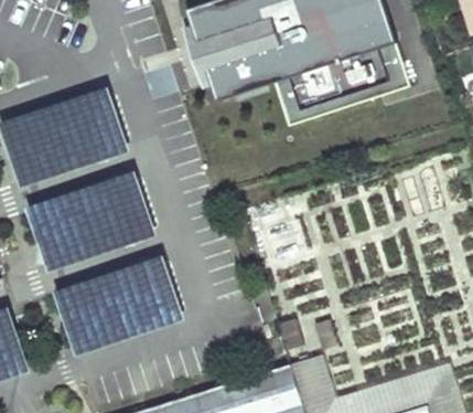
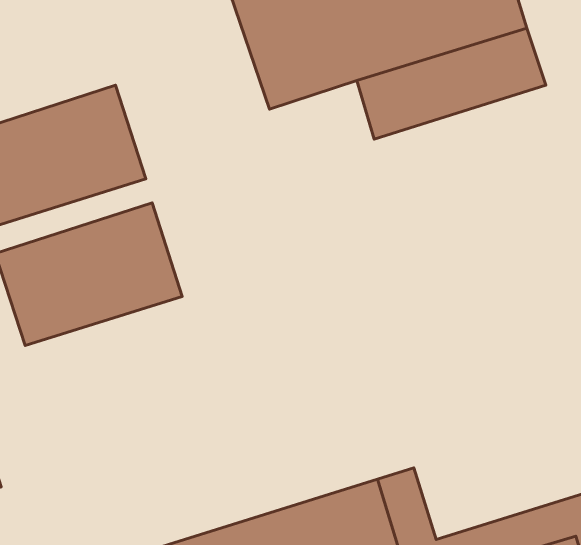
building: [52,252,182,351] -> none

